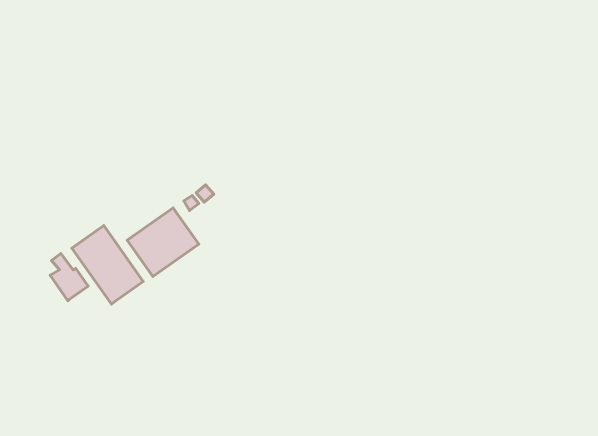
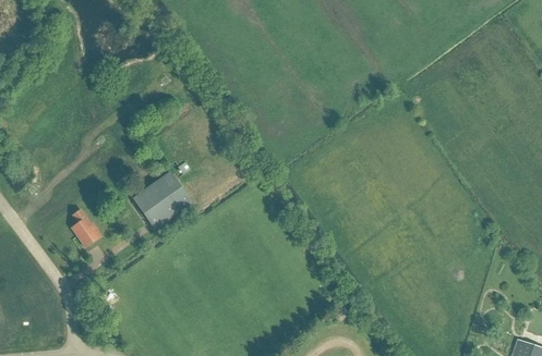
building: [72,226,143,304] -> none

